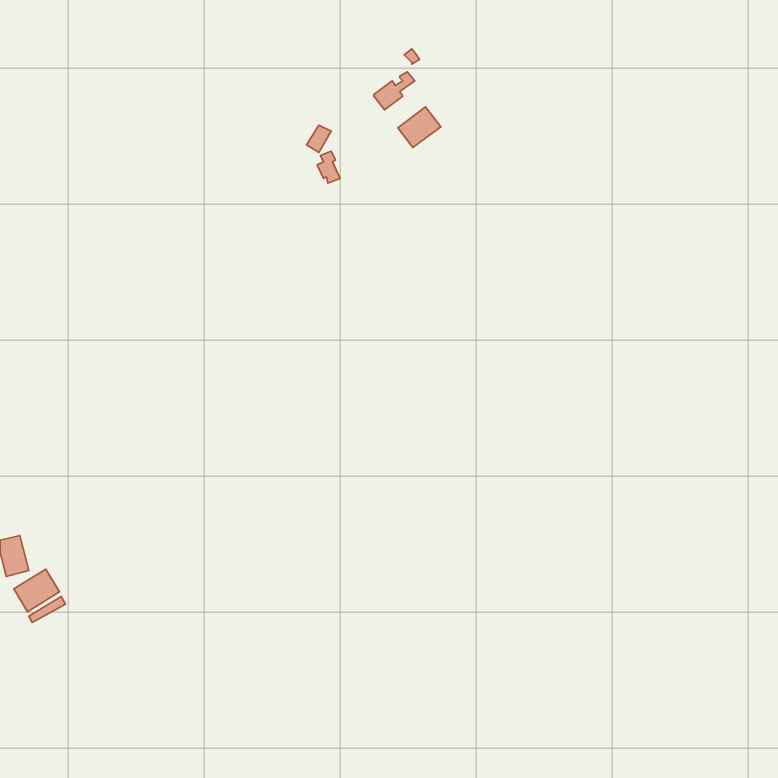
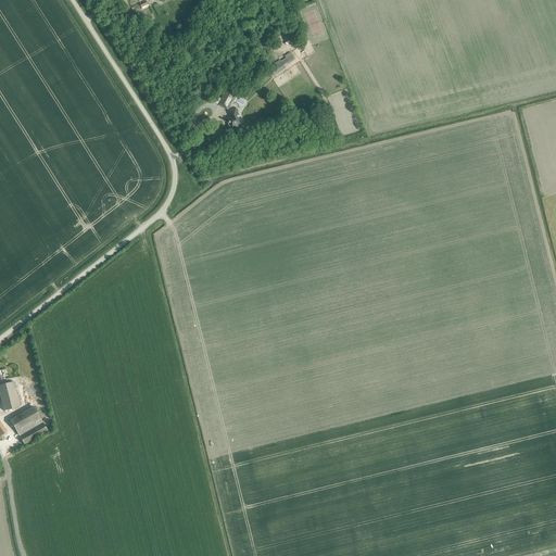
building: [398,107,441,148] -> none

